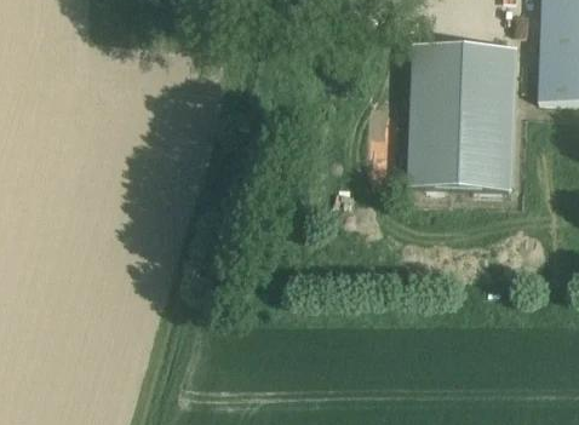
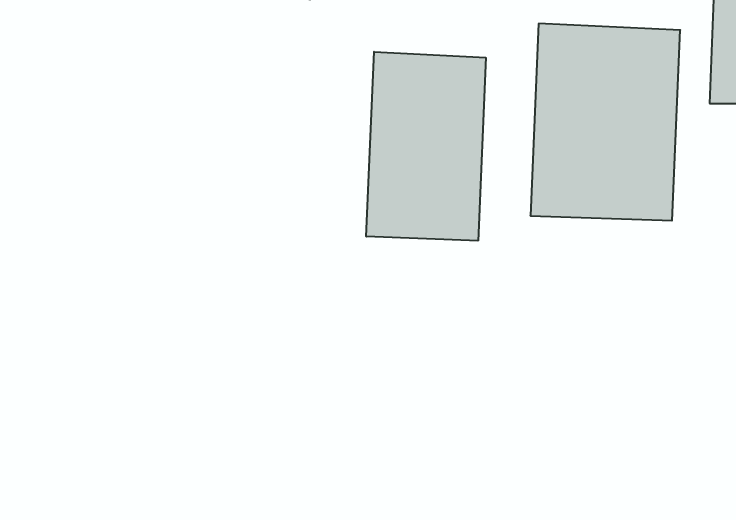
building: none -> [366,52,486,241]

